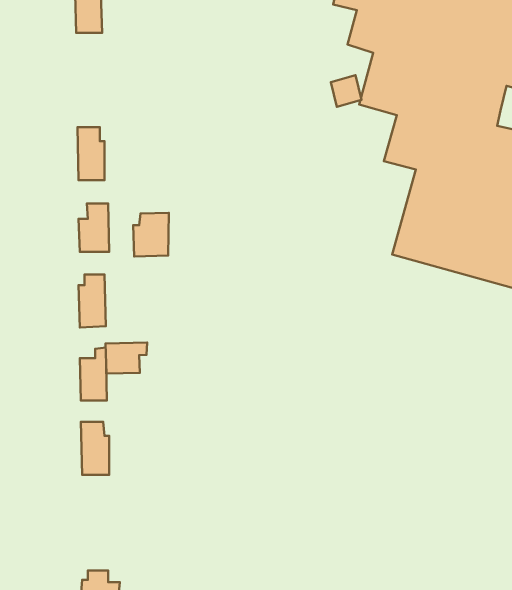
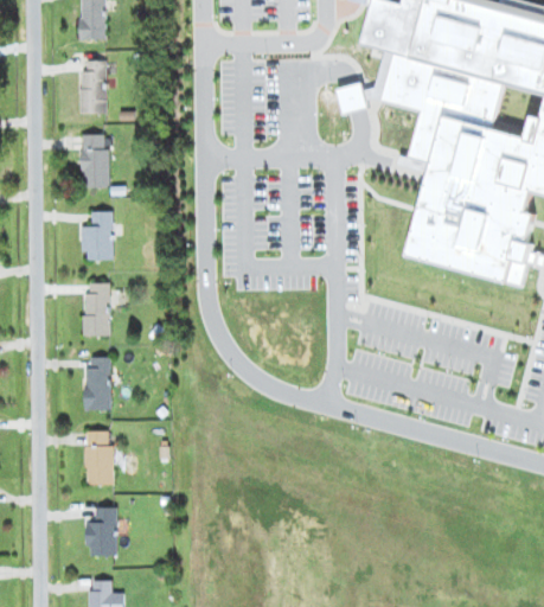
building: none -> [79,59,107,111]
building: [133,213,169,256] -> none
building: [106,343,147,373] -> none
building: none -> [83,505,117,555]

